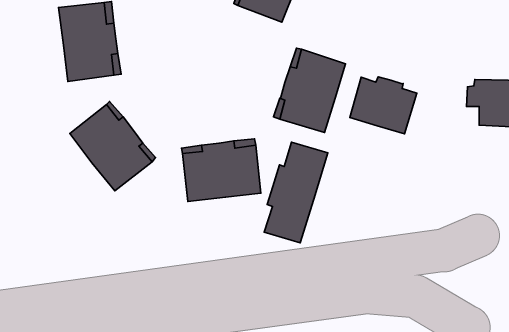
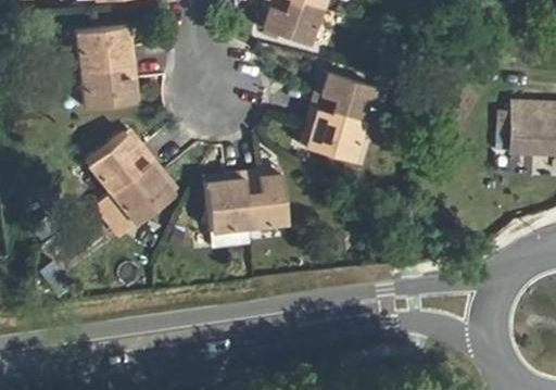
building: [350,77,417,134] -> none
building: [264,142,328,243] -> none

